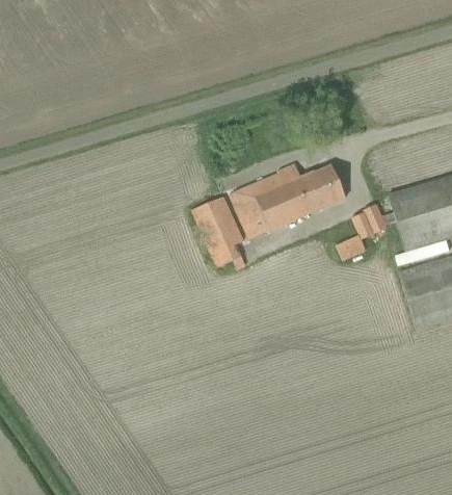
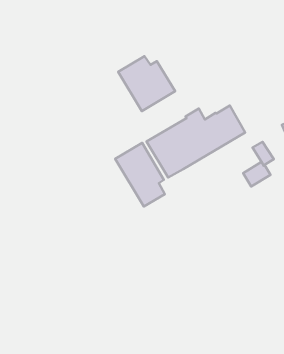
building: none -> [118,56,175,111]

